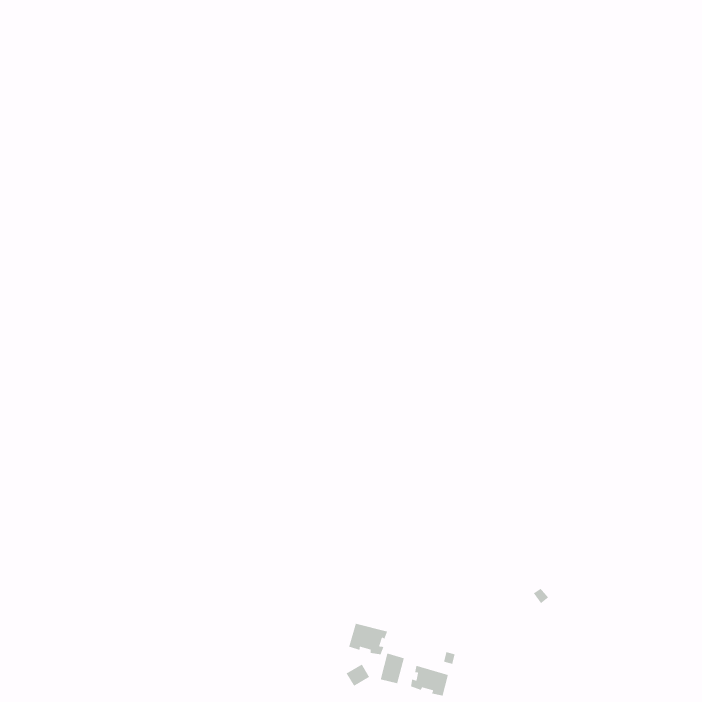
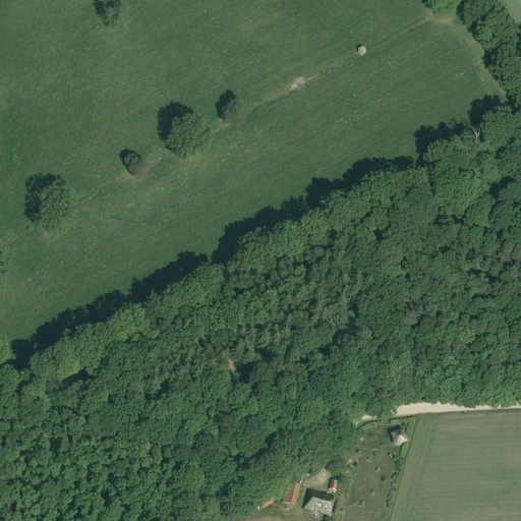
building: [348,623,388,655] -> none

